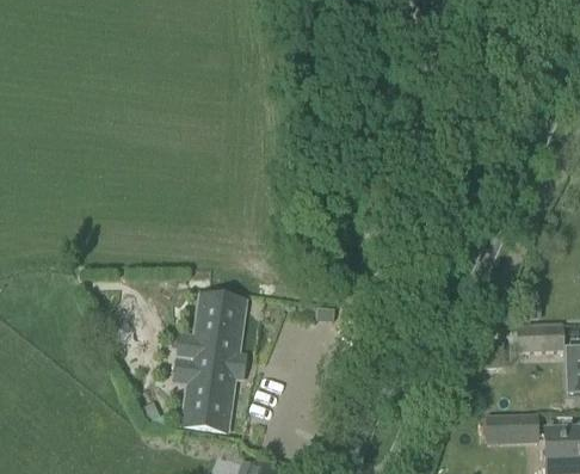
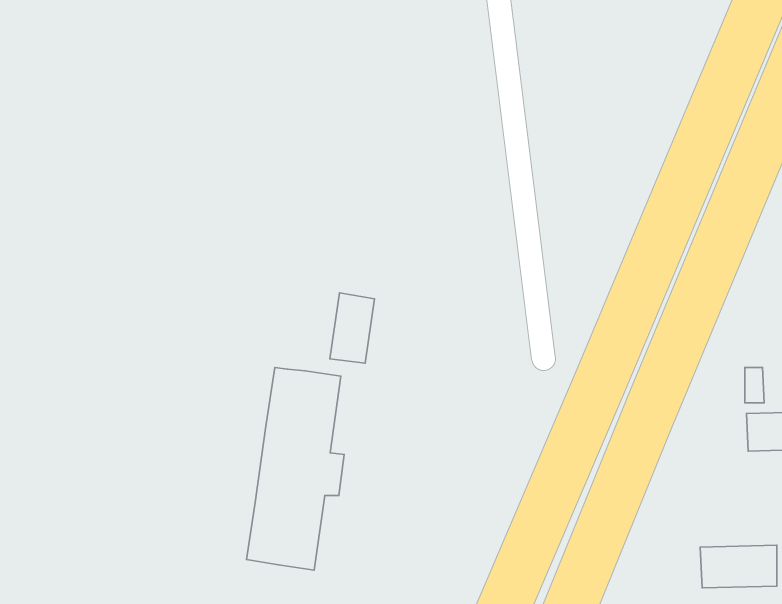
building: none -> [330,293,375,363]

